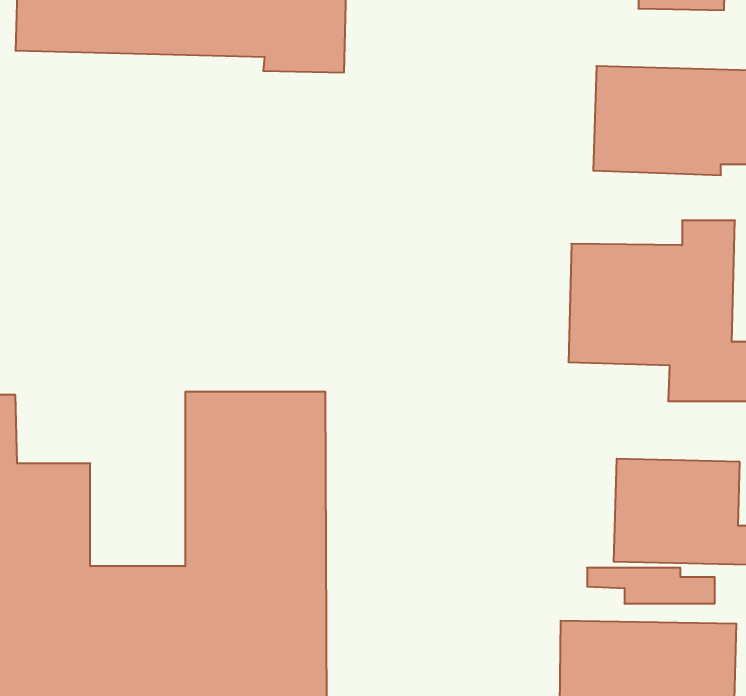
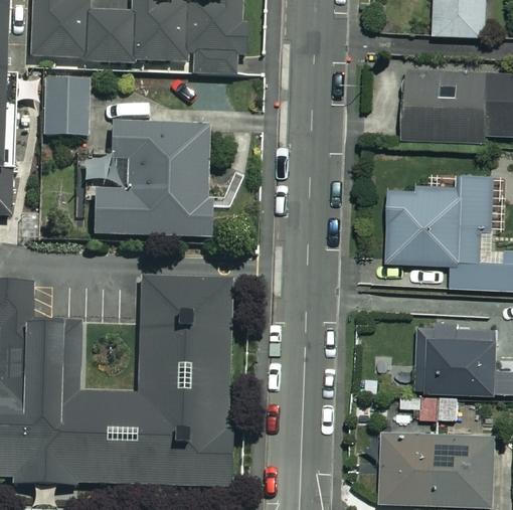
building: none -> [41,80,90,137]
building: none -> [76,122,211,237]

